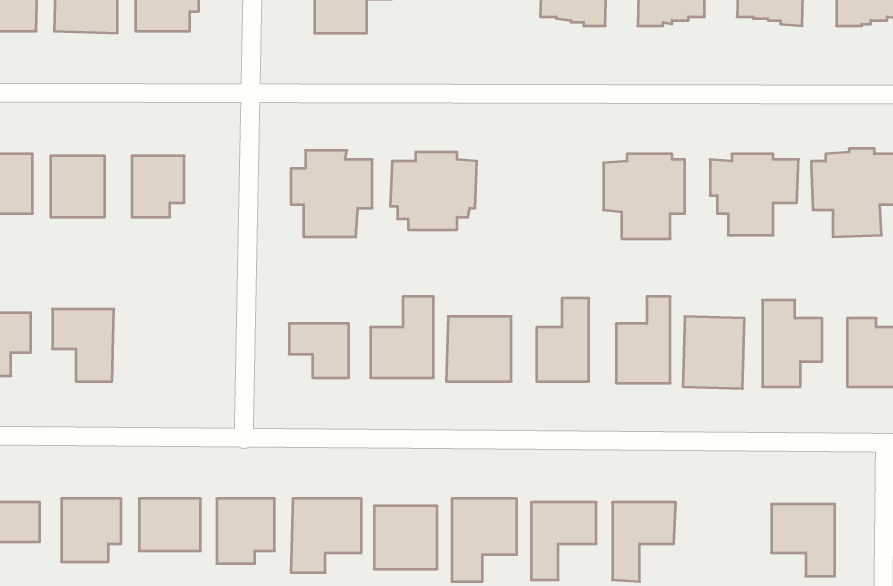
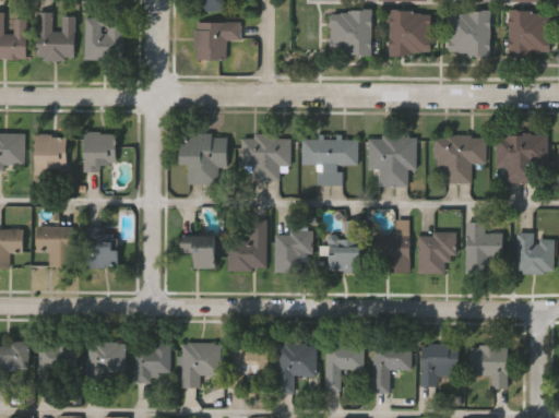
building: none -> [300,132,359,184]
building: none -> [85,225,117,265]
building: none -> [420,344,459,383]

